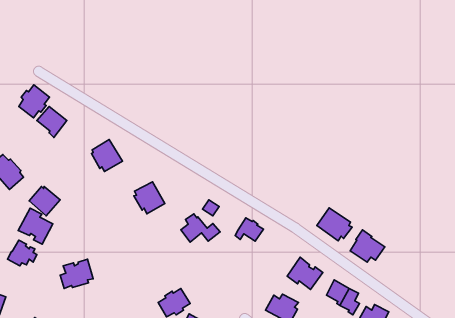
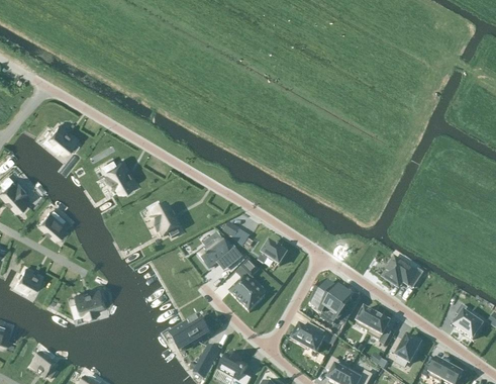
building: [19,85,50,118] -> none
building: [317,208,352,241] -> none
building: [18,208,53,244] -> none
building: none -> [228,258,266,311]
building: none -> [454,303,482,339]

